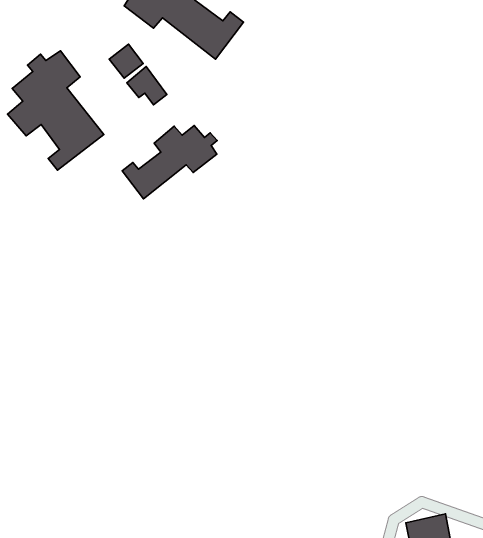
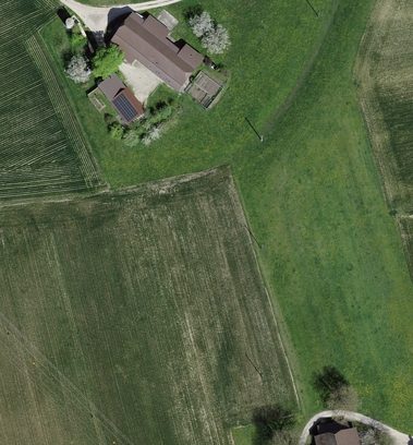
building: [8,51,104,170] -> none
building: [122,125,217,199] -> none

